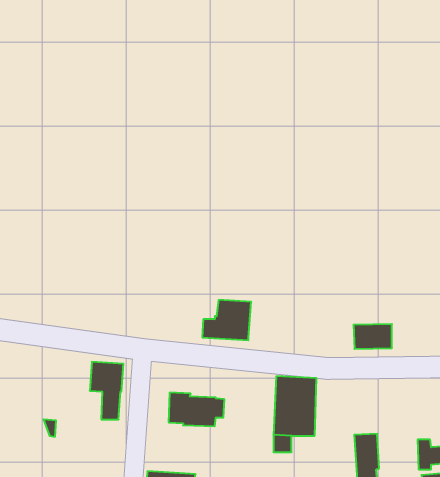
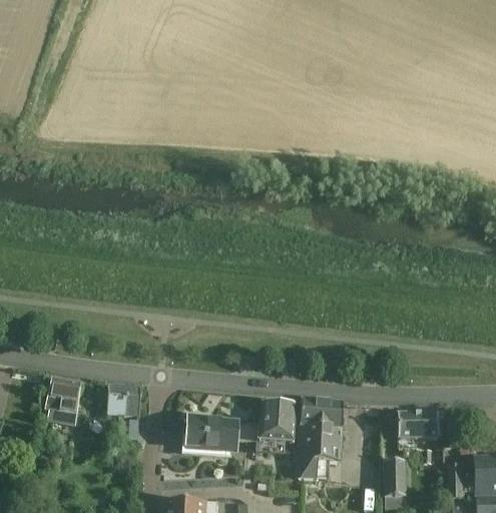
building: [202,300,251,340] -> [245,403,297,445]
building: [353,324,392,349] -> [398,413,438,439]
building: none -> [46,377,83,421]

